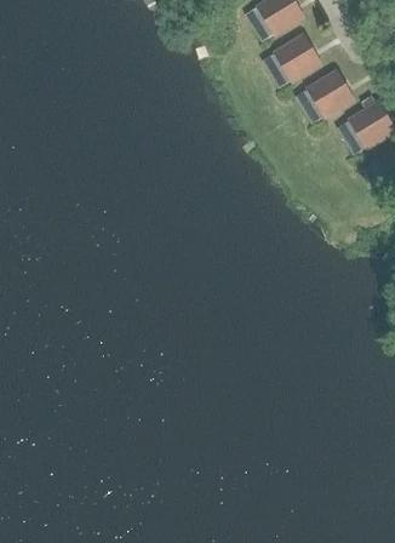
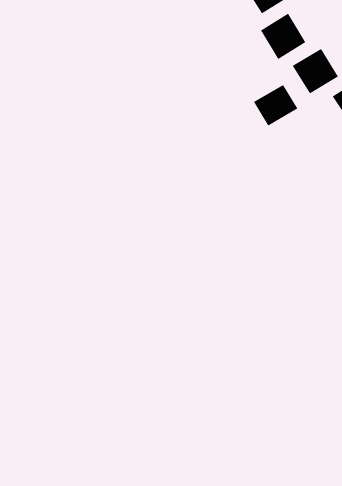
building: none -> [253,84,298,126]

